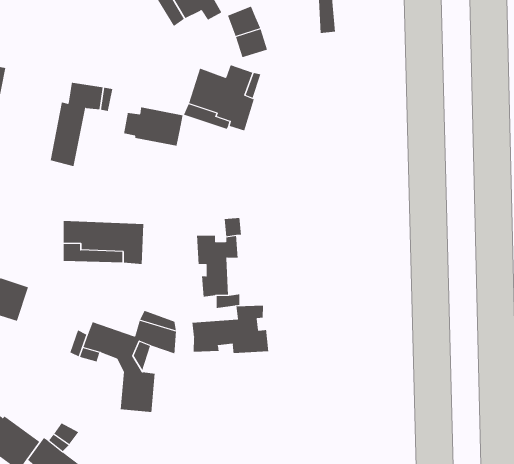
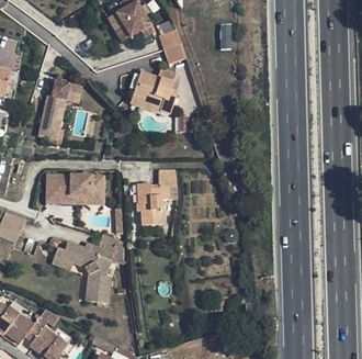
building: [124,107,183,147] -> none
building: [192,305,269,354] -> none

